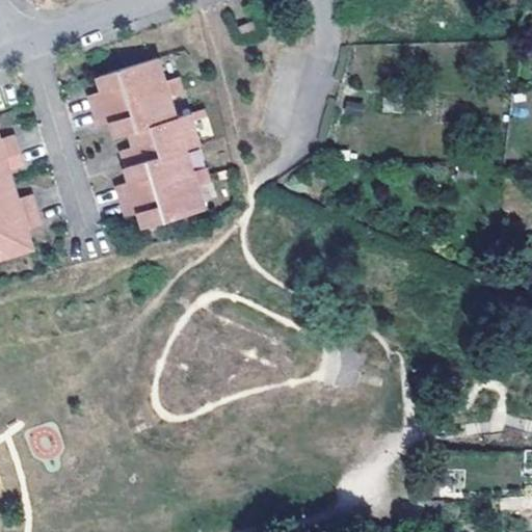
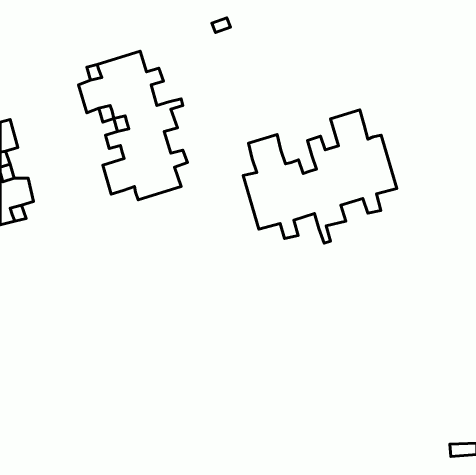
building: none -> [243,110,397,243]

